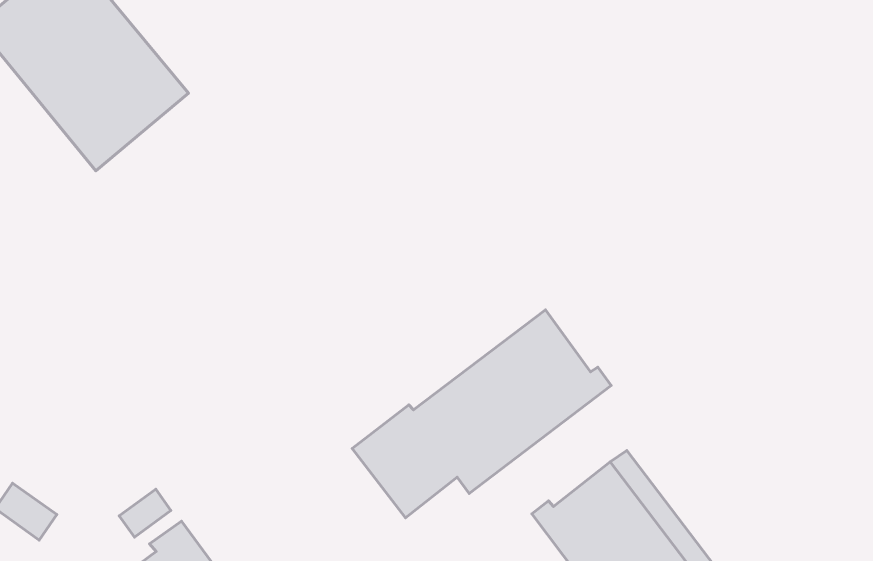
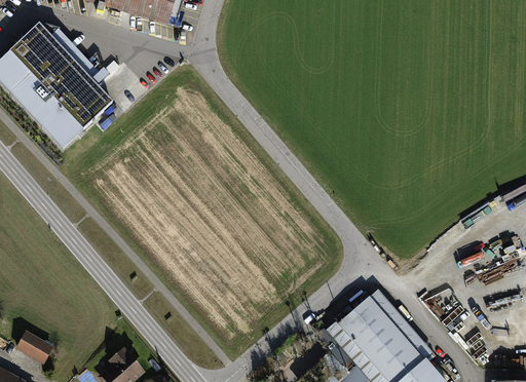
building: [352,310,611,518] -> none
building: [119,489,171,537] -> none

